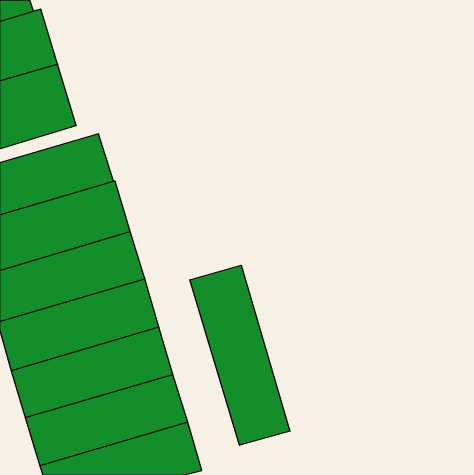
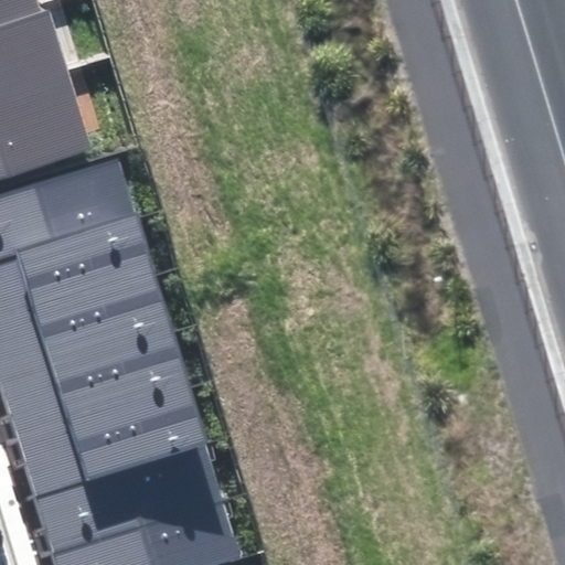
building: [190,265,290,445] -> none

